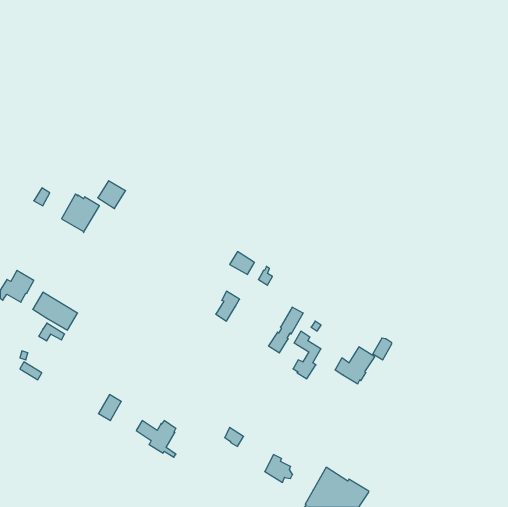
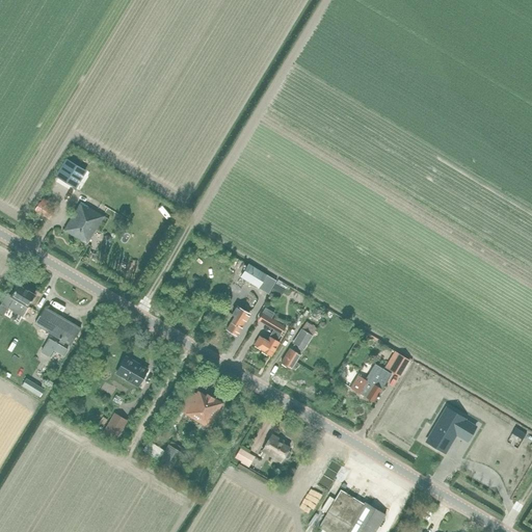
building: [98,181,126,209] -> [56,158,85,187]
building: [293,331,321,379] -> [257,307,286,356]
building: none -> [115,356,148,387]
building: none -> [180,390,222,427]
building: none -> [428,409,476,451]
building: [265,455,293,482] -> [262,433,291,462]

